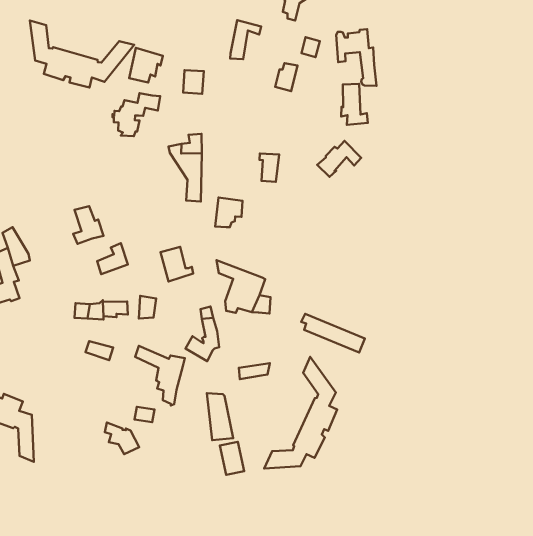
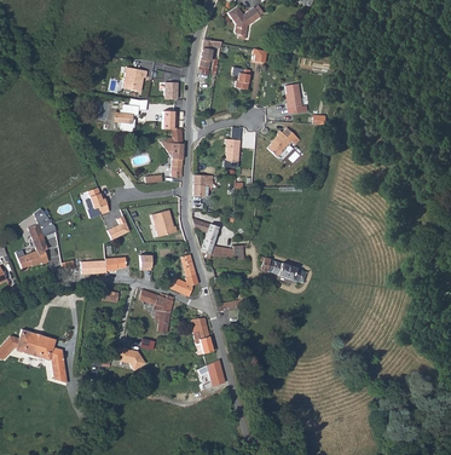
building: [30,21,134,87] -> none
building: [336,29,377,86] -> none
building: [264,357,337,468] -> none

